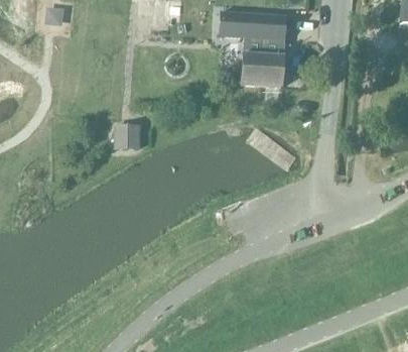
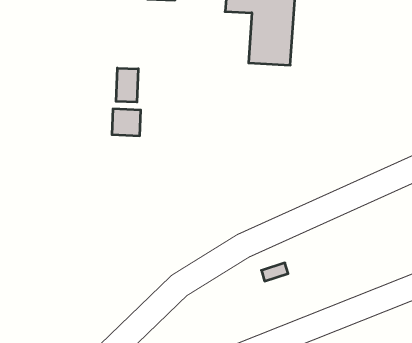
building: none -> [116,68,138,102]

